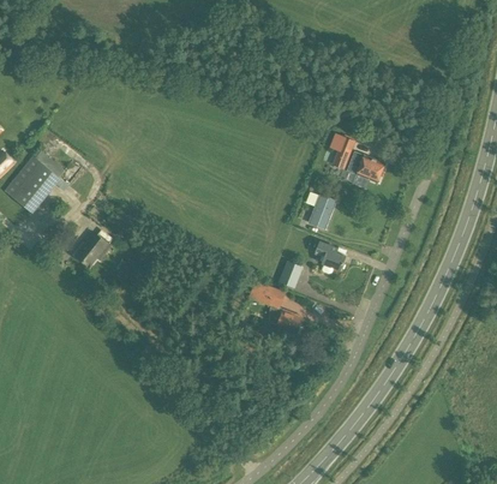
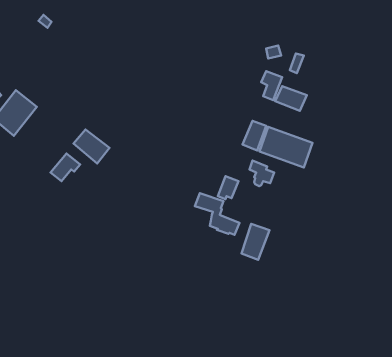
building: none -> [260,127,312,167]
building: none -> [73,130,109,164]
building: none -> [241,224,270,260]

